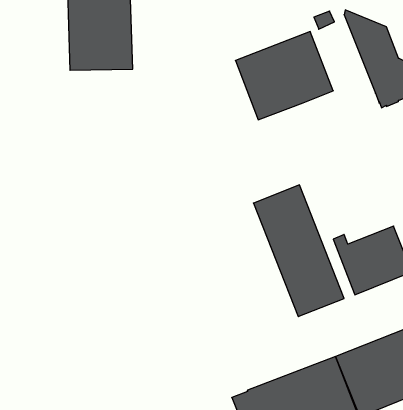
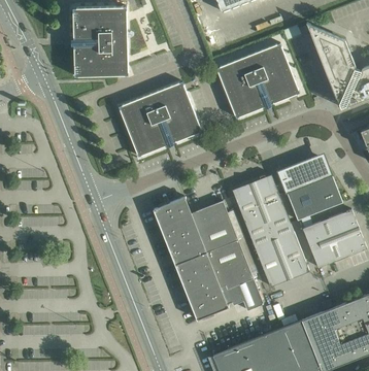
building: none -> [118,81,201,157]
building: none -> [277,158,342,221]
building: none -> [153,197,263,319]

